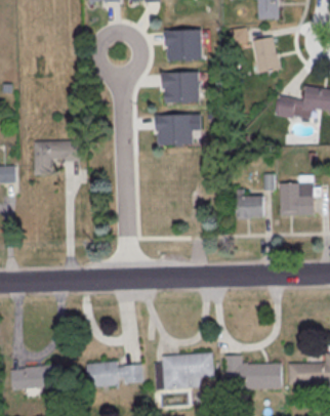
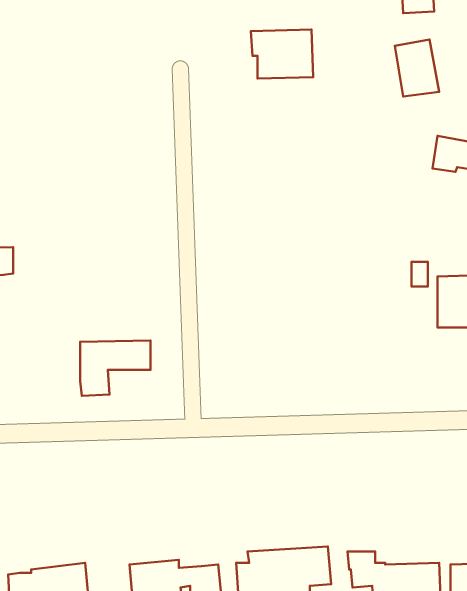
building: [161,71,200,102] -> none
building: [154,114,201,145] -> none
building: [34,139,78,174] -> [80,340,150,396]
building: [236,196,263,217] -> none

